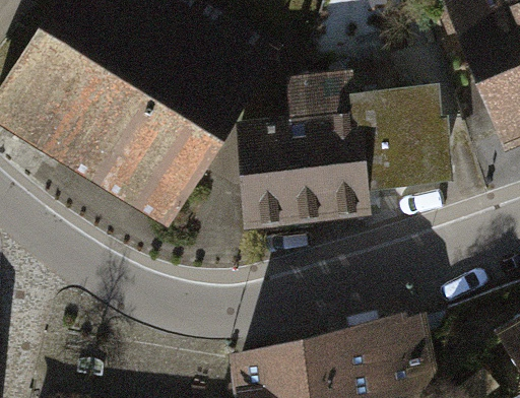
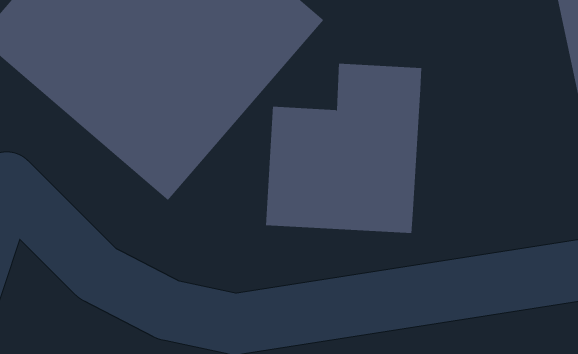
building: [352,89,451,197] -> none

